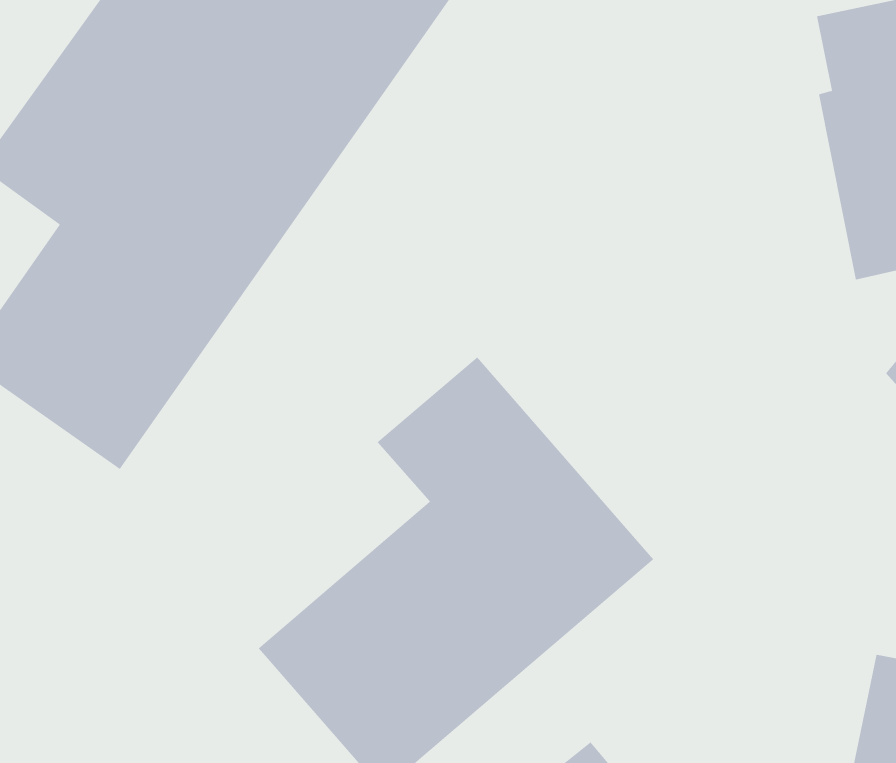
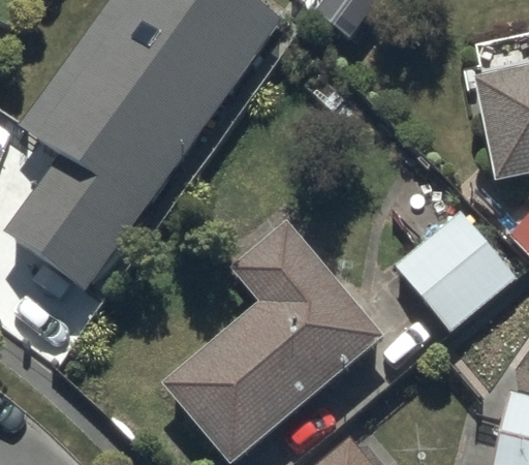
building: none -> [394,212,516,334]

